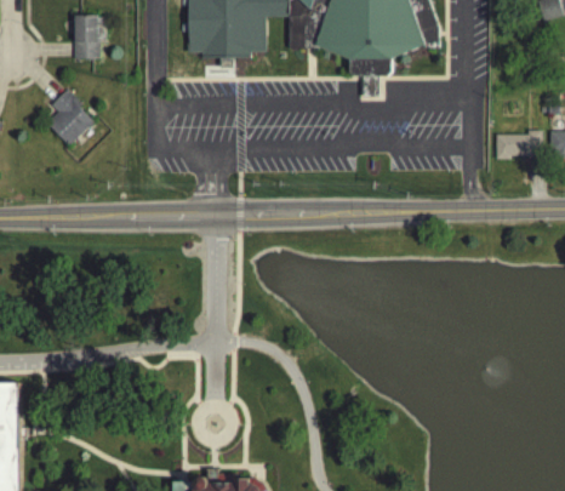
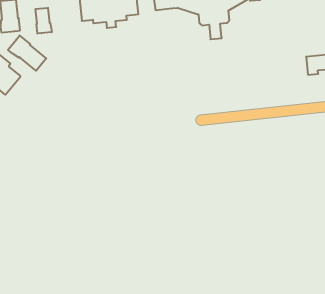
building: none -> [36,8,52,34]
building: none -> [8,35,46,71]

